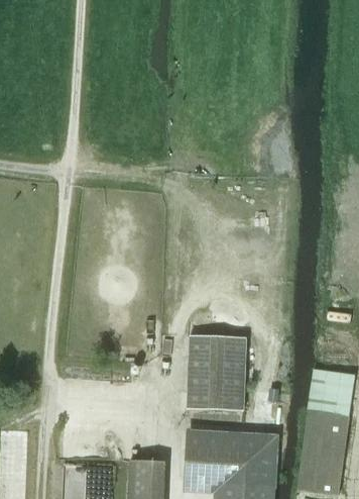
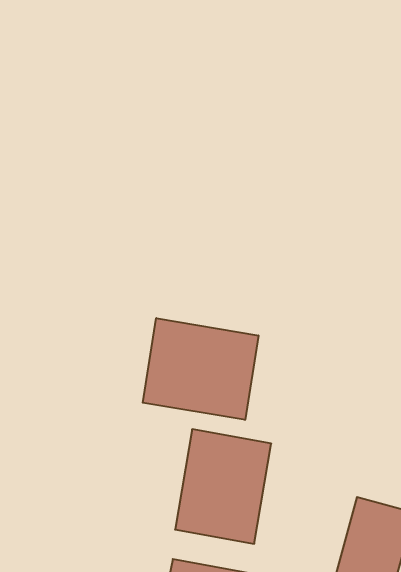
building: none -> [143,318,258,420]

